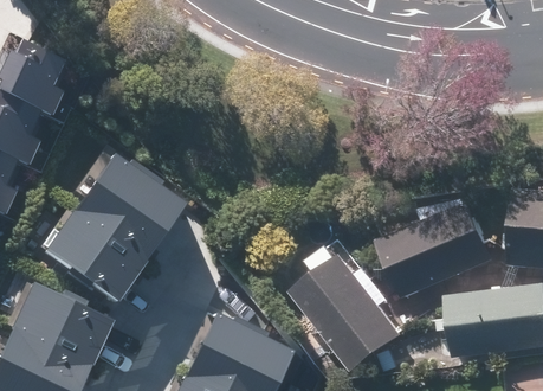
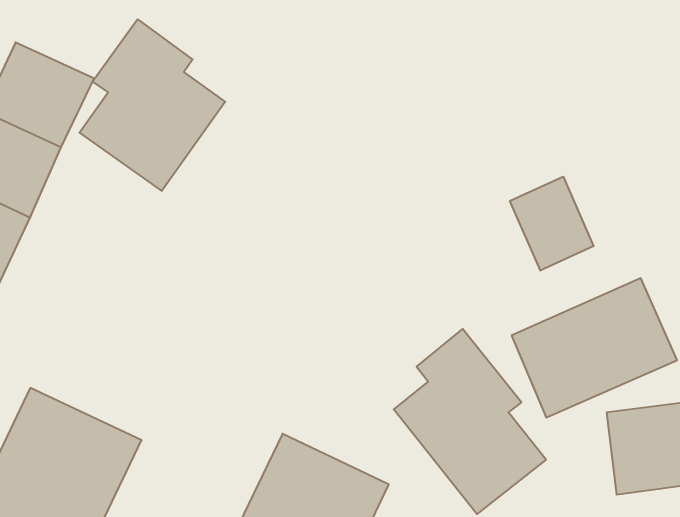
building: none -> [79,19,225,191]
building: none -> [510,177,593,271]
building: [40,154,182,302] -> none

